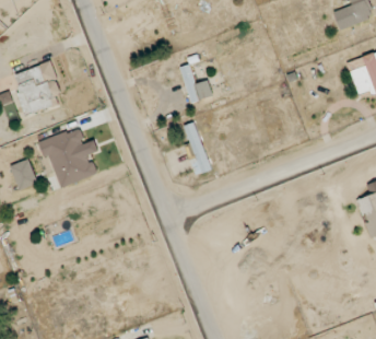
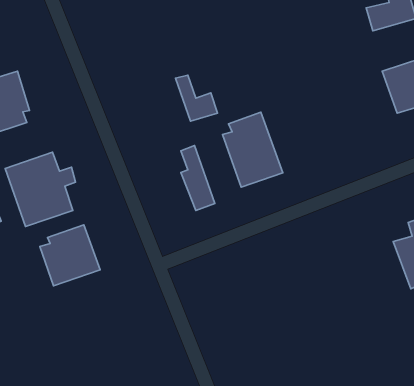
building: none -> [223,112,283,187]
building: none -> [40,225,100,286]

